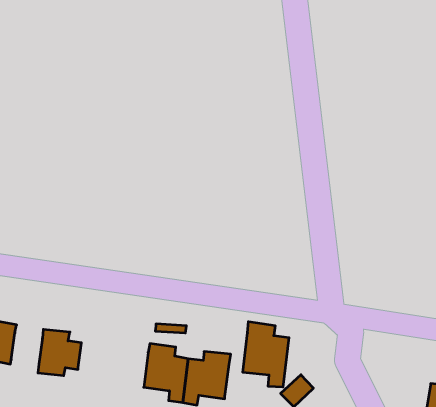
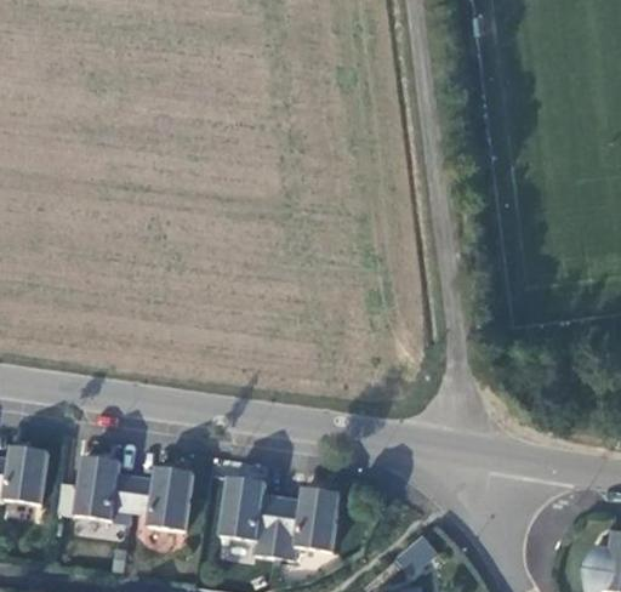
building: [243,322,289,387] -> none
building: none -> [129,466,190,530]

